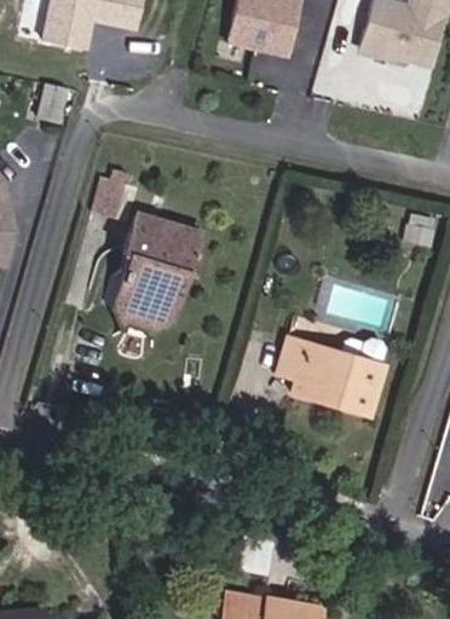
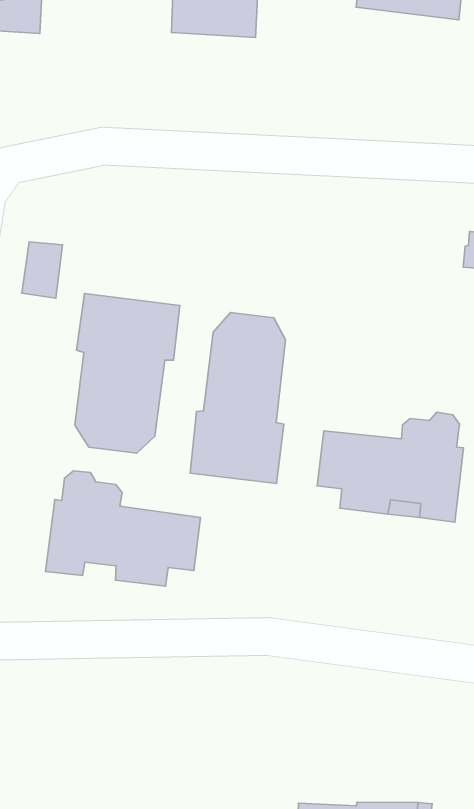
building: none -> [190,313,286,484]
building: none -> [45,471,200,586]

